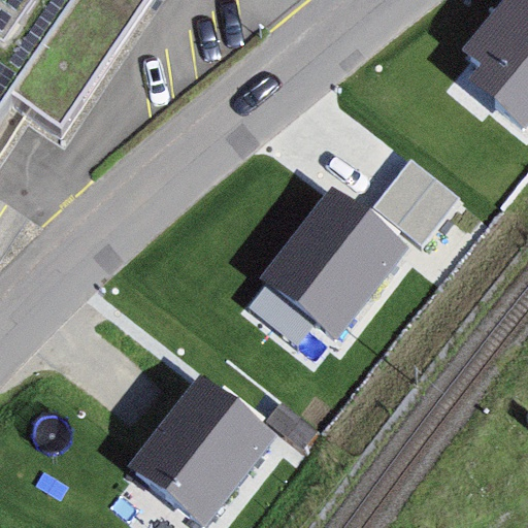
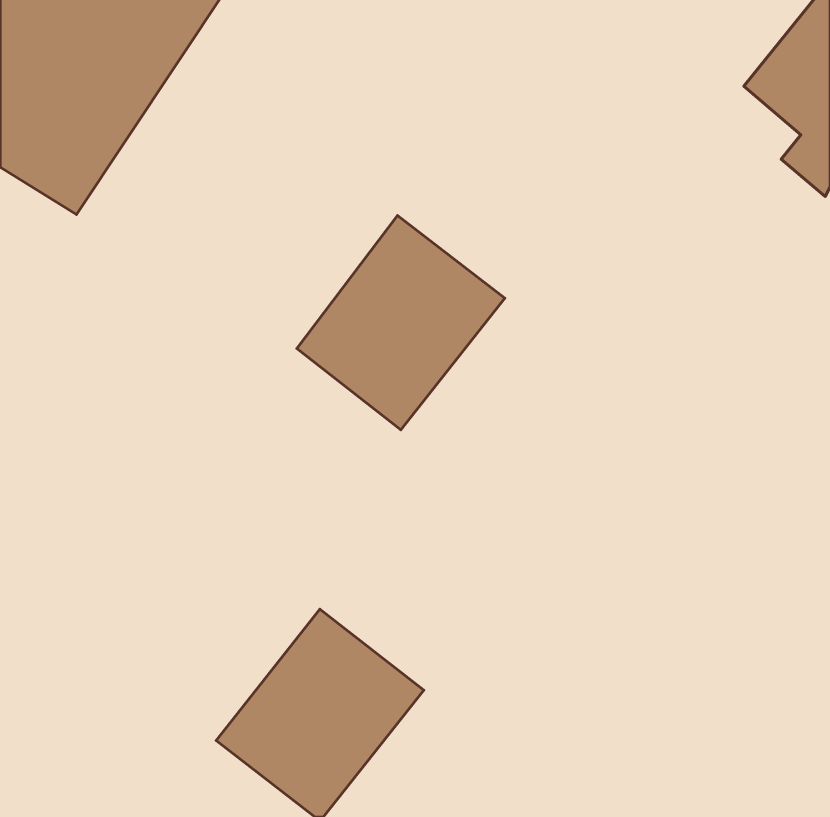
building: [374,158,460,245] -> none
building: [270,198,402,334] -> [297,215,505,430]

